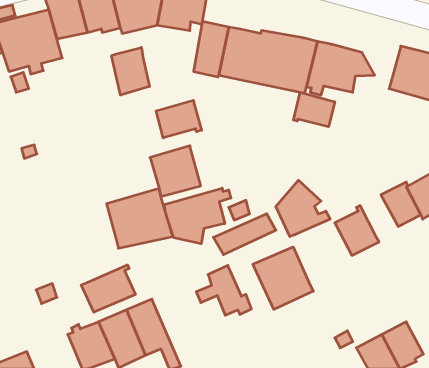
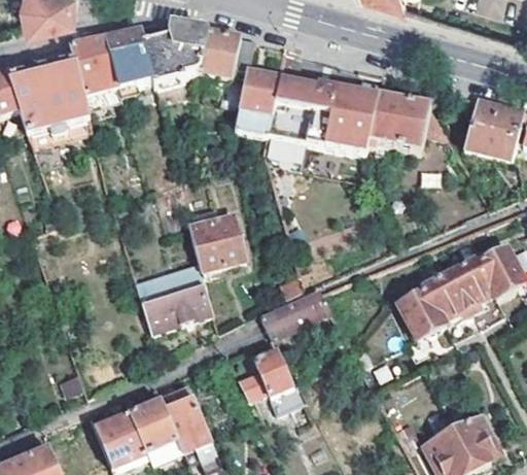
building: [112,47,149,95] -> none
building: [293,92,335,127] -> none
building: [156,100,202,138] -> none
building: [276,180,330,237] -> none
building: [164,188,231,244] -> none
building: none -> [427,268,470,316]
building: [253,247,313,309] -> none
building: [81,265,135,312] -> none

